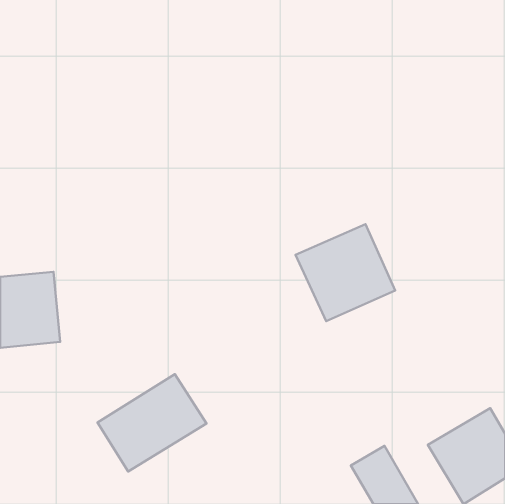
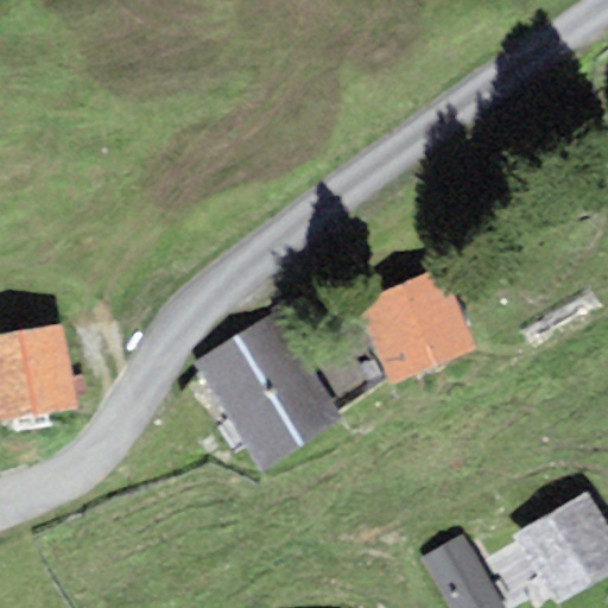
building: none -> [194,311,341,469]
building: [97,374,206,471] -> none

